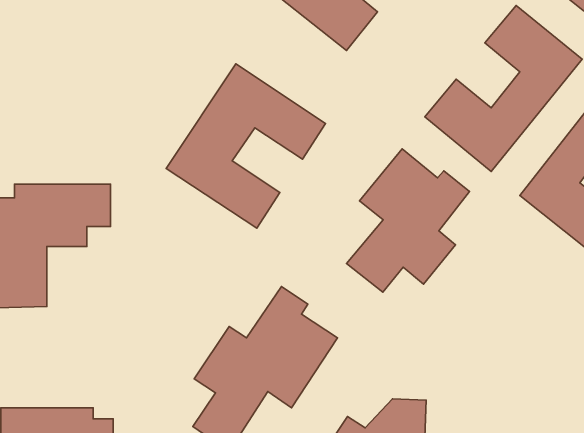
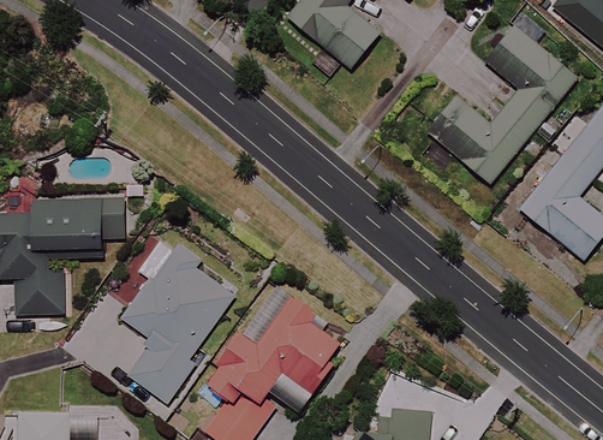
building: [166,64,325,228] -> none
building: [346,149,469,292] -> none
building: none -> [121,244,233,403]

